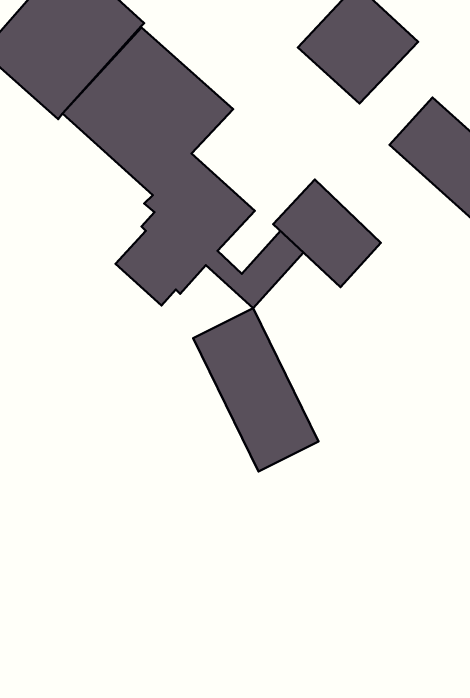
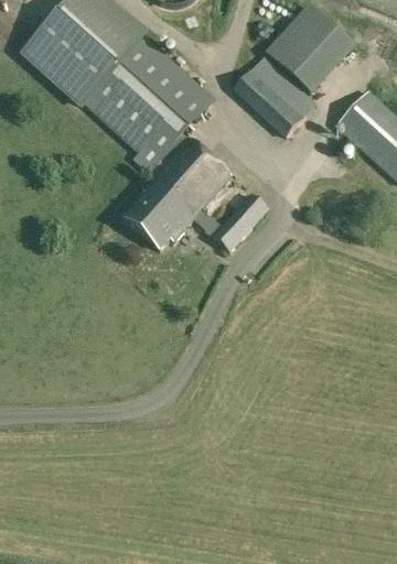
building: [273,180,381,287] -> [233,54,315,137]
building: [193,308,319,471] -> none

